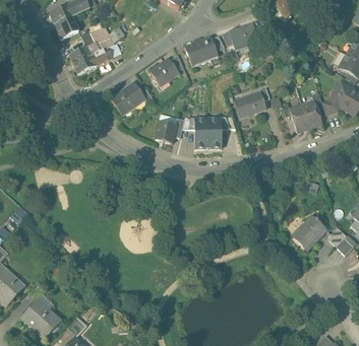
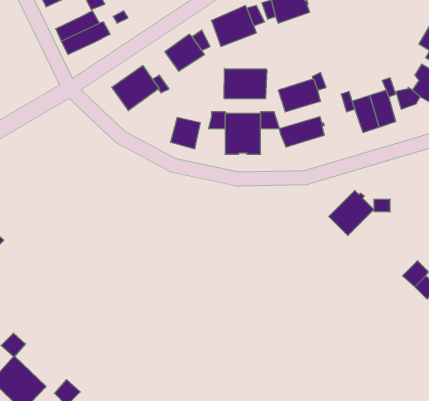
building: none -> [224,69,267,99]
building: none -> [280,117,324,147]
building: [292,215,325,249] -> [329,190,374,236]

